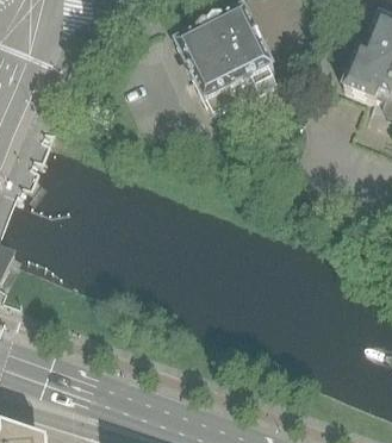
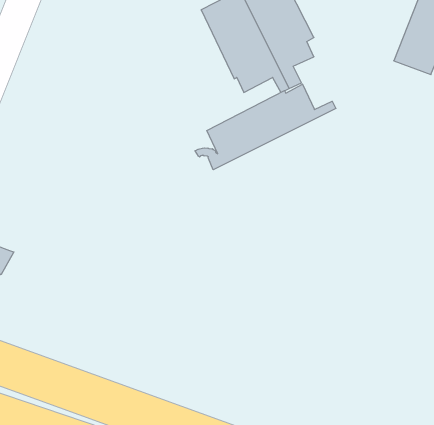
building: none -> [195,84,336,170]

